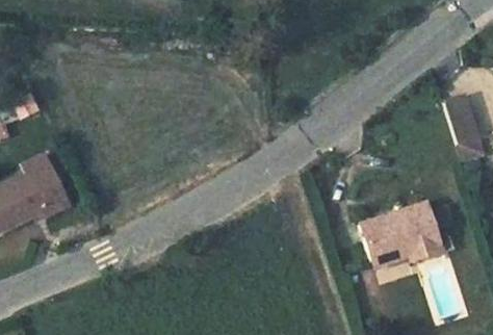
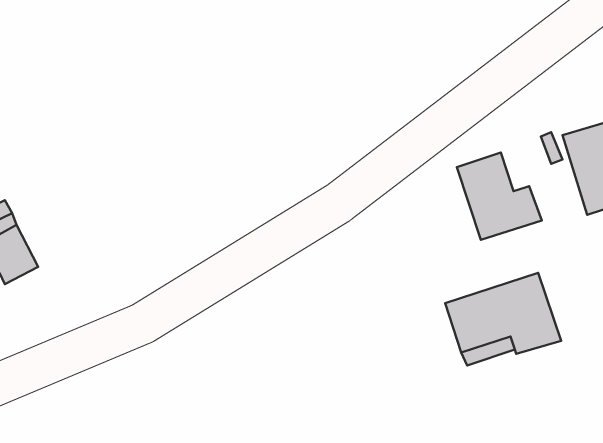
building: none -> [457,153,542,240]

